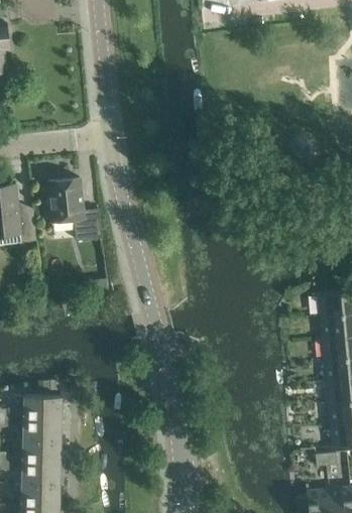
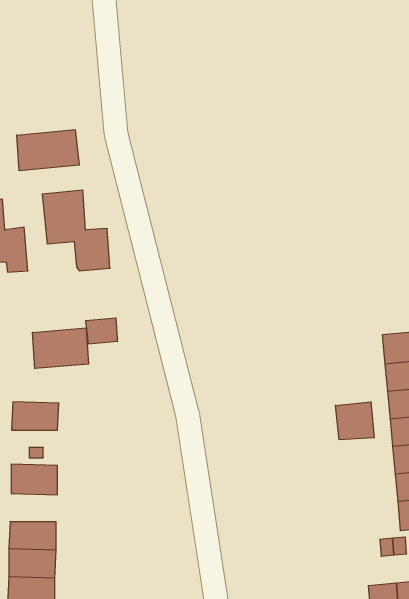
building: none -> [17,130,79,171]
building: none -> [33,328,88,369]
building: none -> [335,402,374,440]
building: [24,418,62,440] -> [12,402,59,430]

